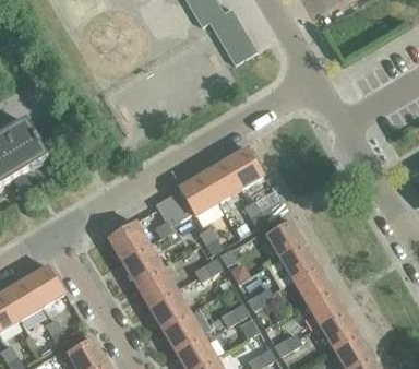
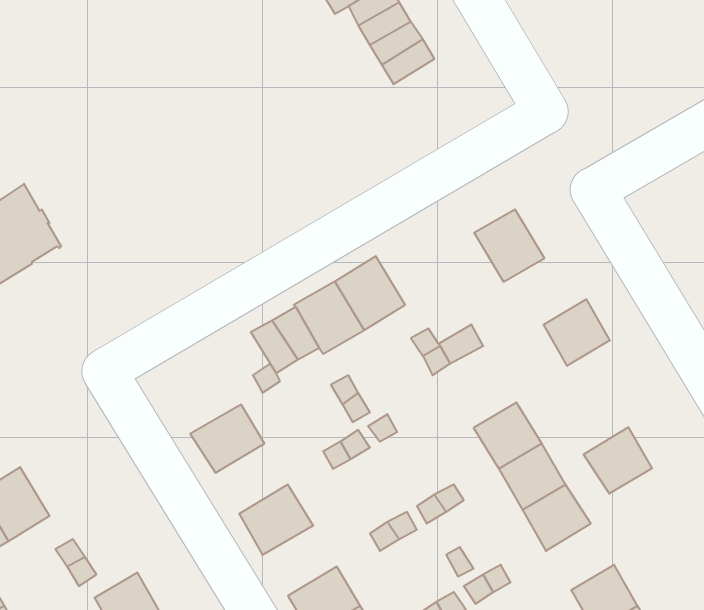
building: [225,147,264,188] -> [474,209,544,282]
building: [266,219,303,257] -> [543,299,610,366]
building: [108,221,149,260] -> none
building: [26,265,65,306] -> none
building: [135,265,176,305] -> none
building: [320,310,358,347] -> [584,427,652,494]
building: [161,311,203,350] -> none

